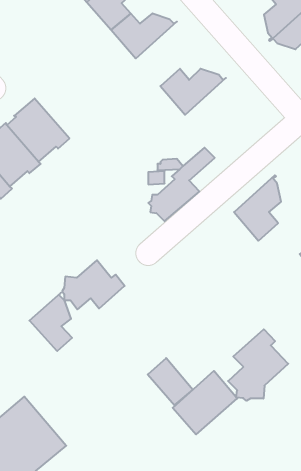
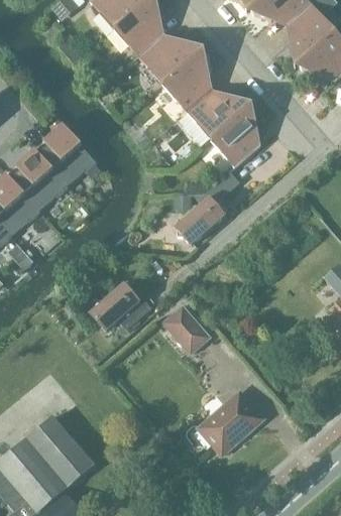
building: none -> [162,47,209,111]
building: [234,175,281,241] -> [211,103,257,167]
building: [29,293,72,351] -> none
building: [228,329,288,401] -> none
building: [148,358,193,405] -> [164,305,209,352]

